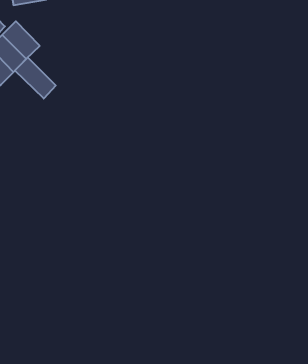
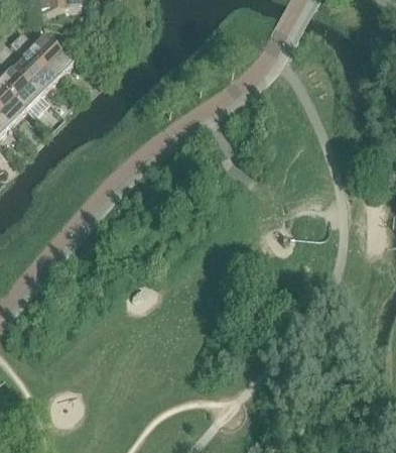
building: [15,58,56,99] -> none

